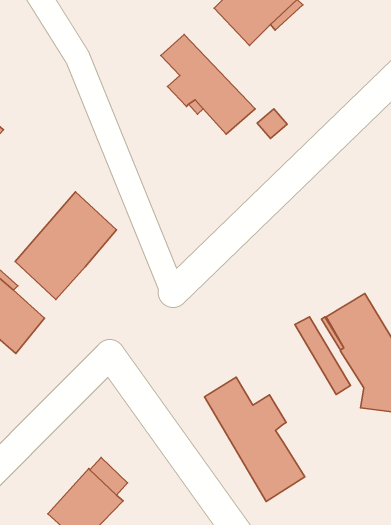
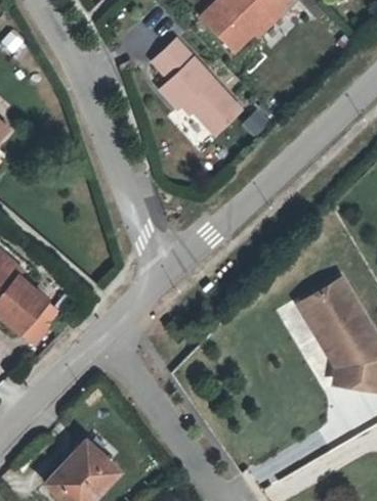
building: [15,192,117,299] -> none
building: [205,377,305,502] -> none

